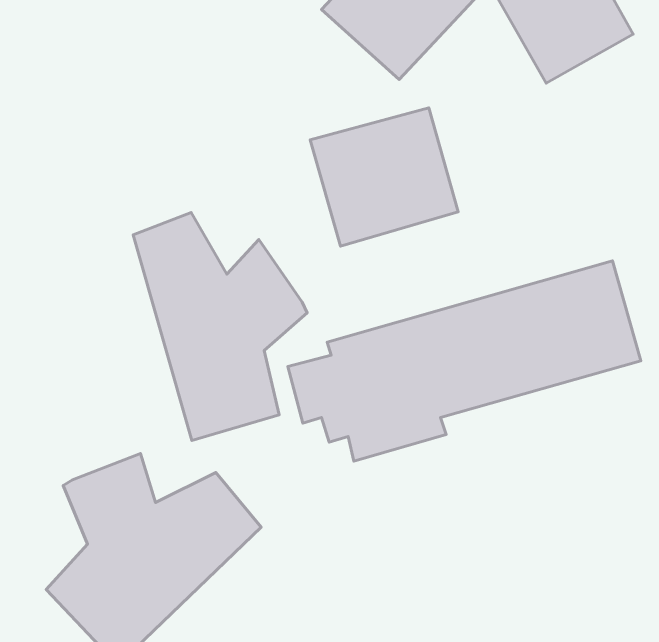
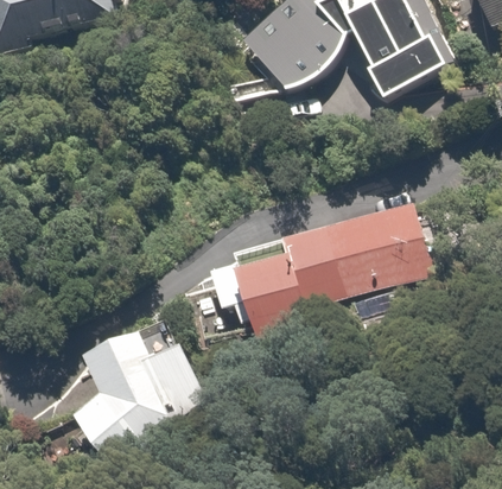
building: [310,108,458,246] -> none
building: [133,212,307,440] -> none

